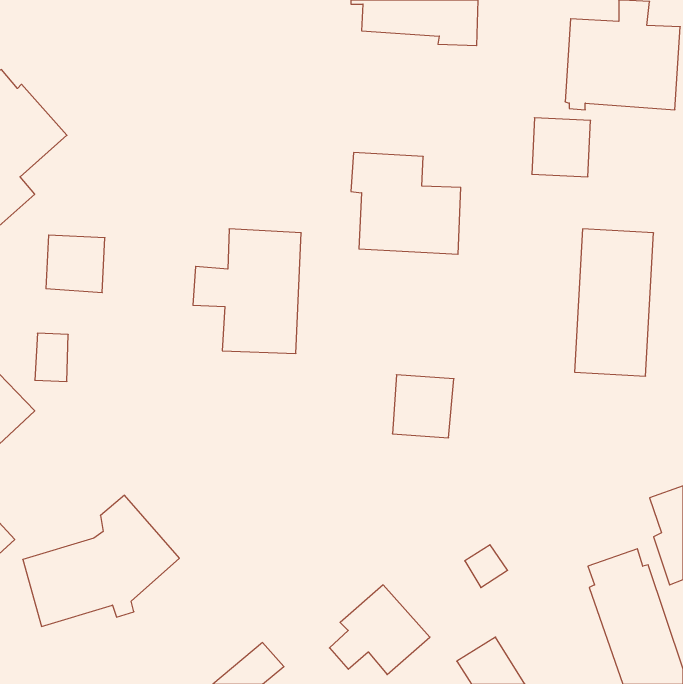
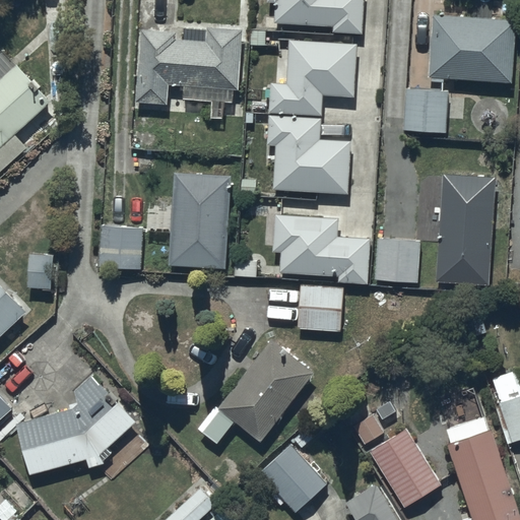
building: none -> [135,28,244,121]
building: none -> [269,40,356,116]
building: [46,235,105,293] -> [99,226,143,270]
building: none -> [272,215,370,284]
building: none -> [374,239,419,283]
building: none -> [197,339,315,444]
building: none -> [369,428,441,507]

